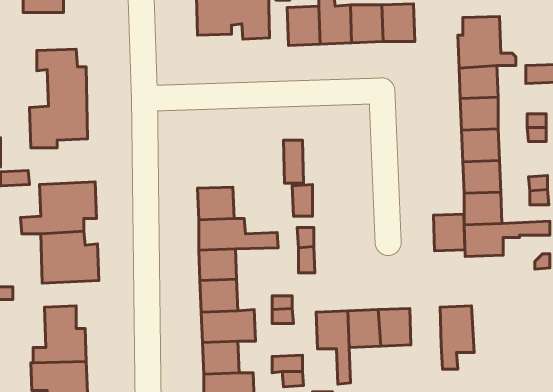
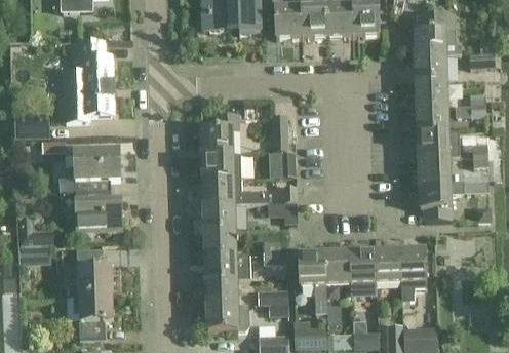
building: none -> [201,115,235,154]
building: [433,214,465,251] -> none
building: none -> [375,250,400,281]

